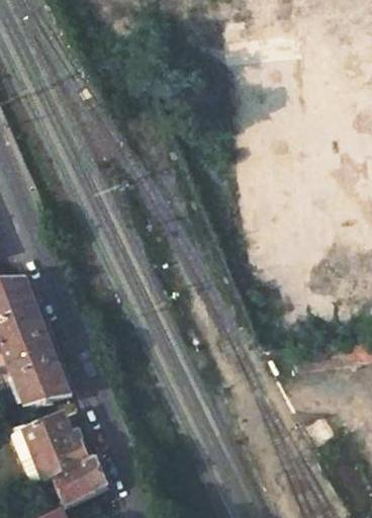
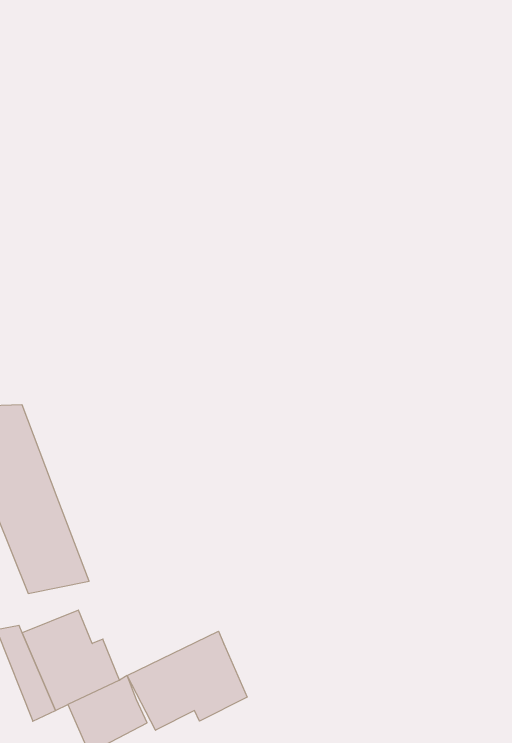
building: none -> [127,631,247,730]

